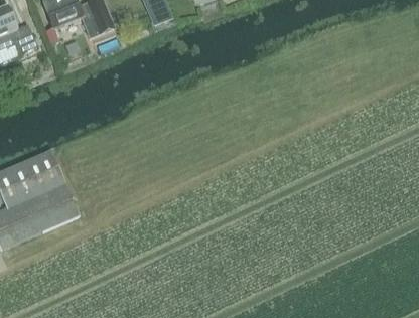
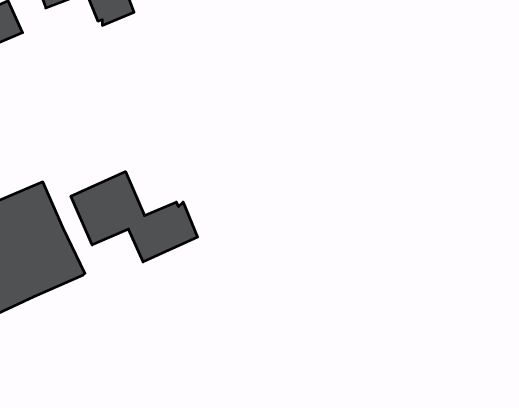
building: none -> [71,172,198,262]

